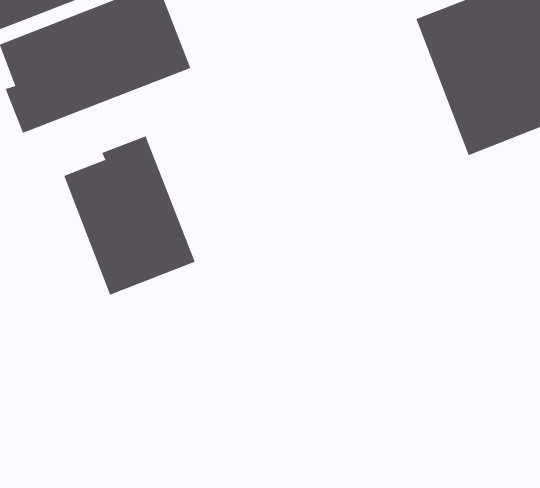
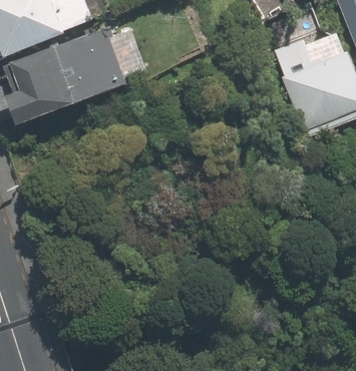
building: [64,135,195,296] -> none

